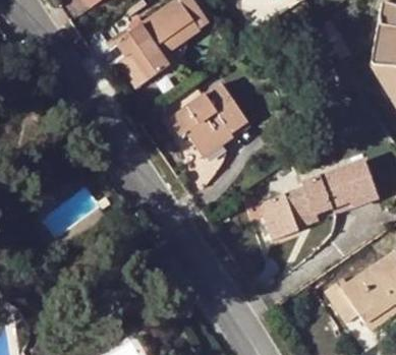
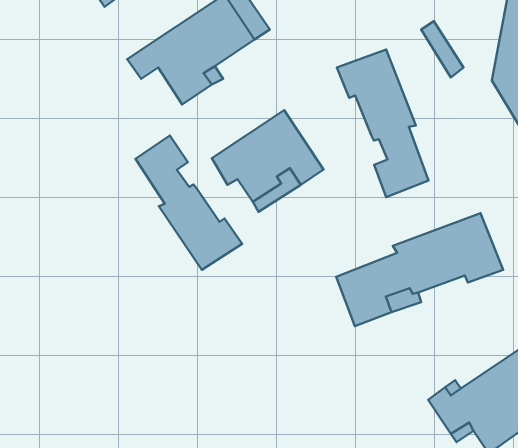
building: none -> [337,50,429,197]
building: none -> [135,135,242,270]

